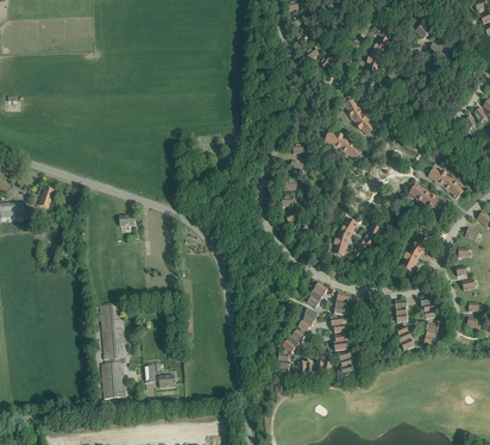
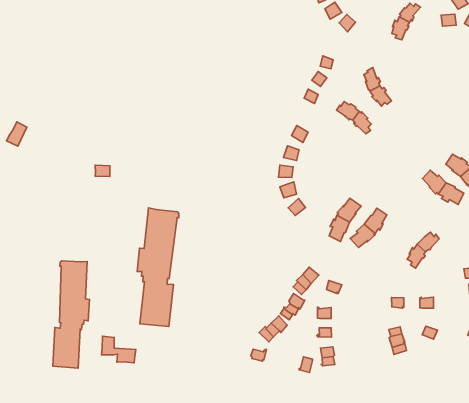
building: none -> [137,208,179,327]

